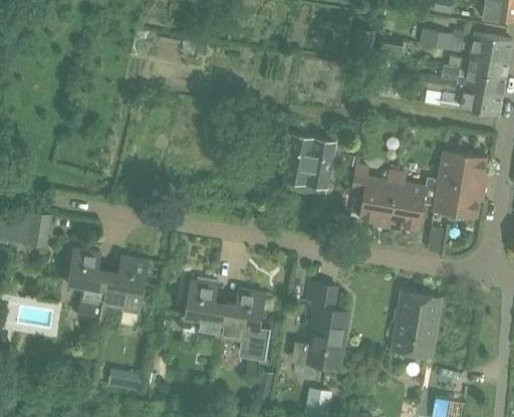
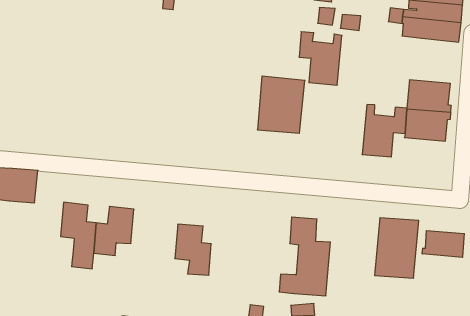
building: [351,166,398,224] -> [299,32,342,85]
building: [220,289,269,362] -> none
building: none -> [422,231,464,257]

